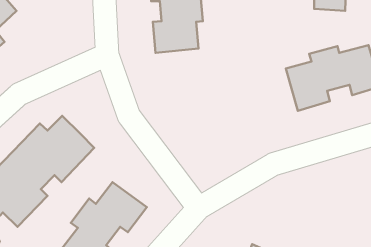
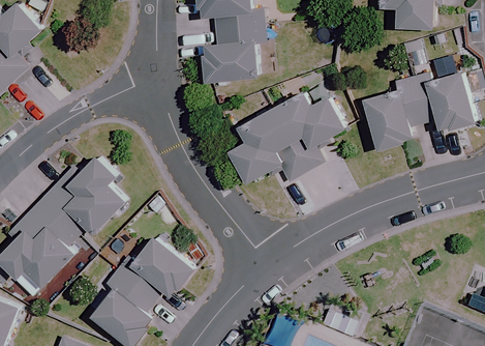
building: none -> [228,92,345,185]

